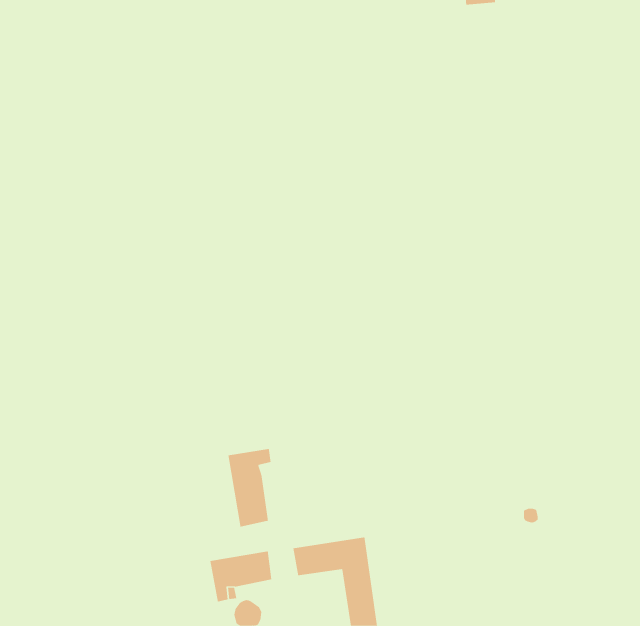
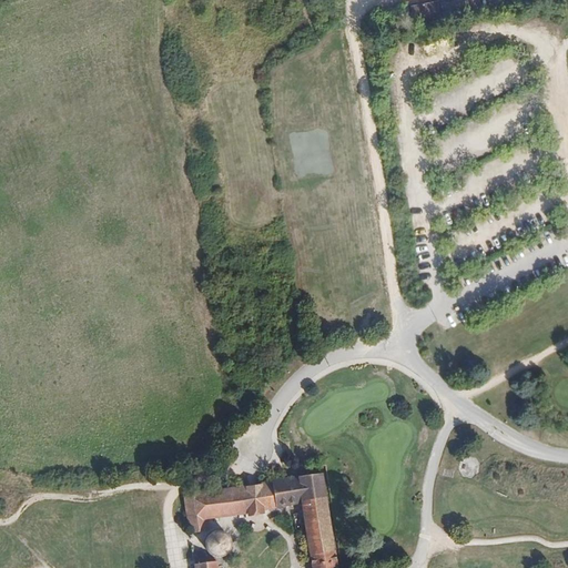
building: [228,448,271,527] -> none
building: none -> [237,485,263,513]

